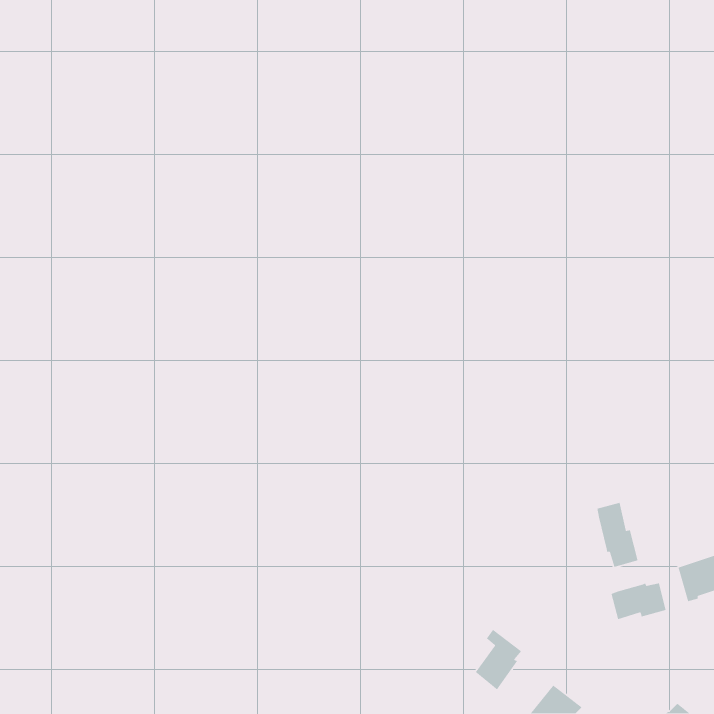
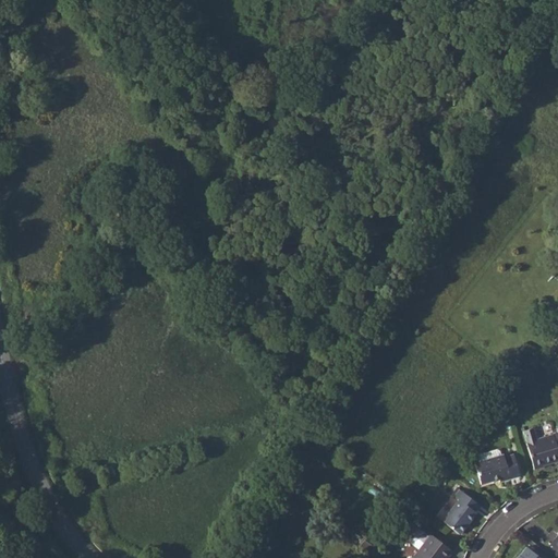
building: [596,502,638,568] -> none
building: [475,629,522,690] -> [444,486,481,534]

